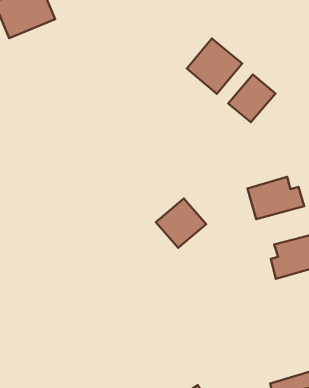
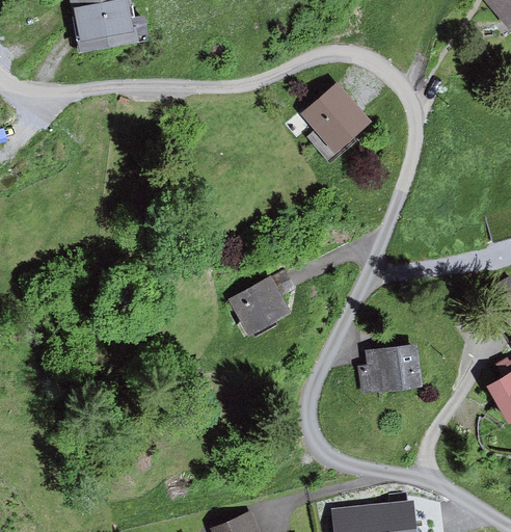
building: [228,75,275,122] -> none
building: [248,177,304,219] -> none

